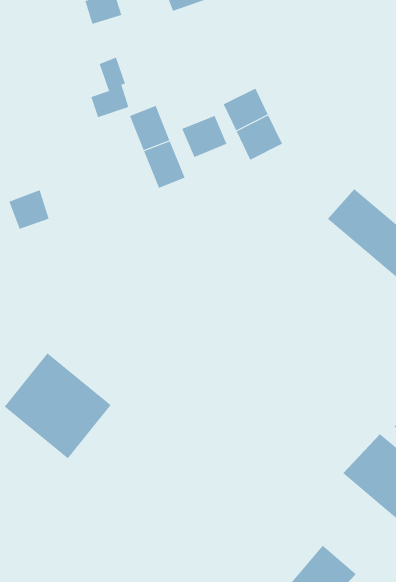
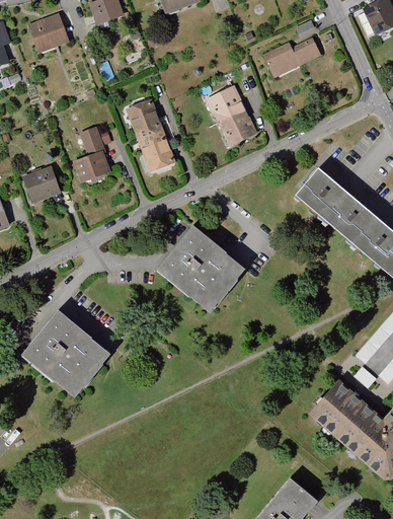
building: none -> [27,17,65,54]
building: none -> [263,32,323,70]
building: [91,57,129,118] -> [72,130,105,182]
building: [182,115,227,158] -> none
building: none -> [153,220,246,312]

